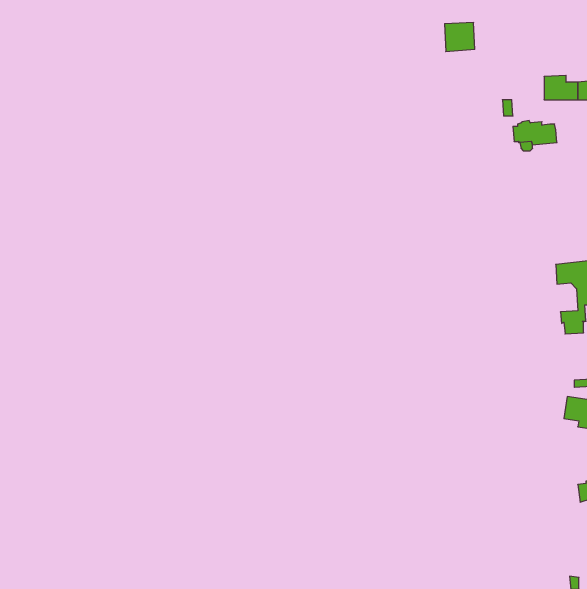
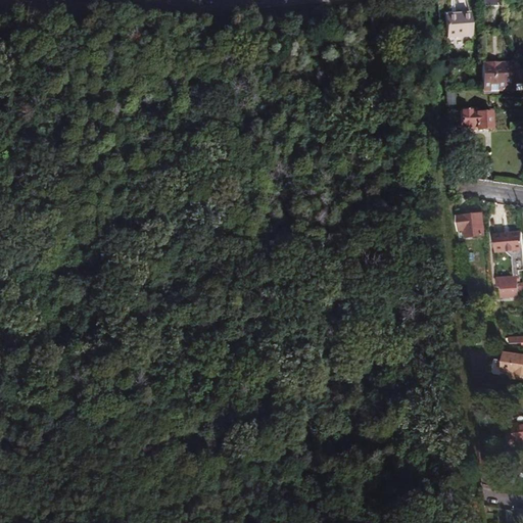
building: [445,23,475,52] -> [446,11,473,37]
building: none -> [458,210,485,237]

